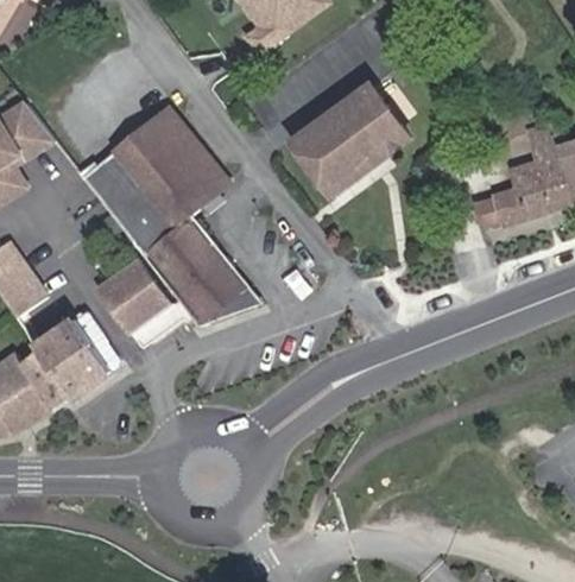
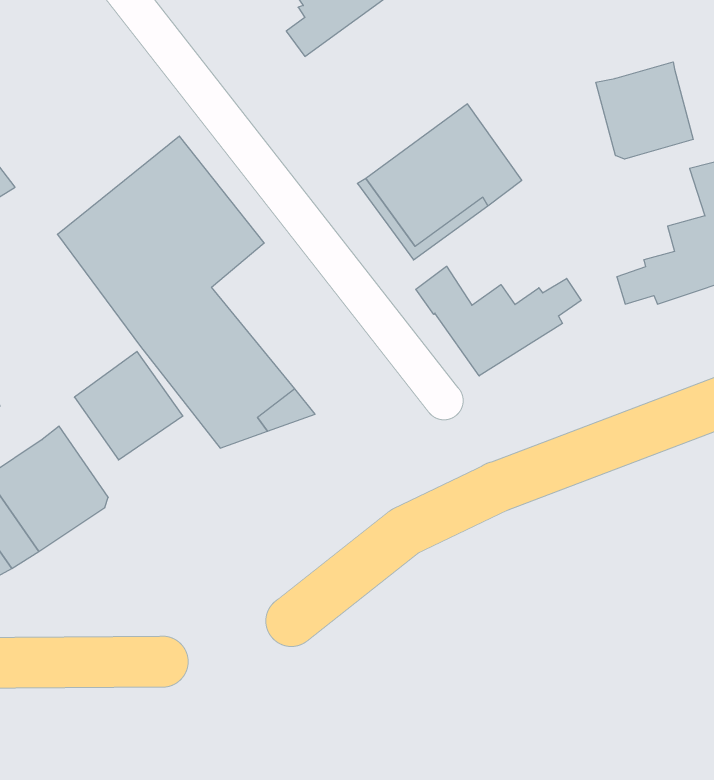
building: none -> [596,62,693,159]
building: none -> [416,266,581,376]

